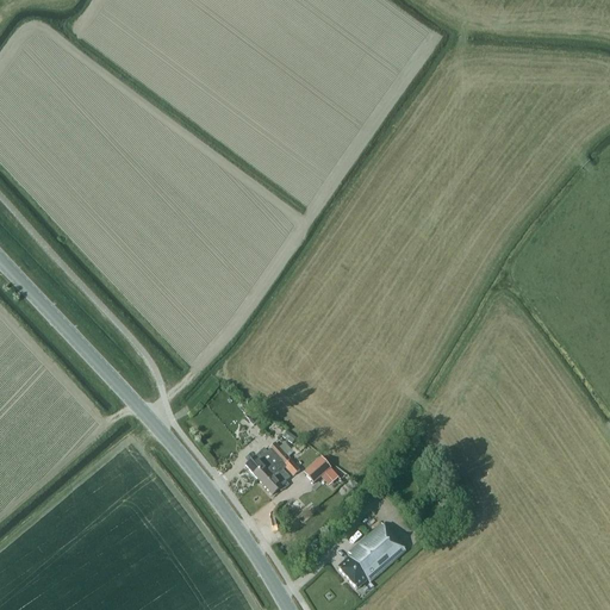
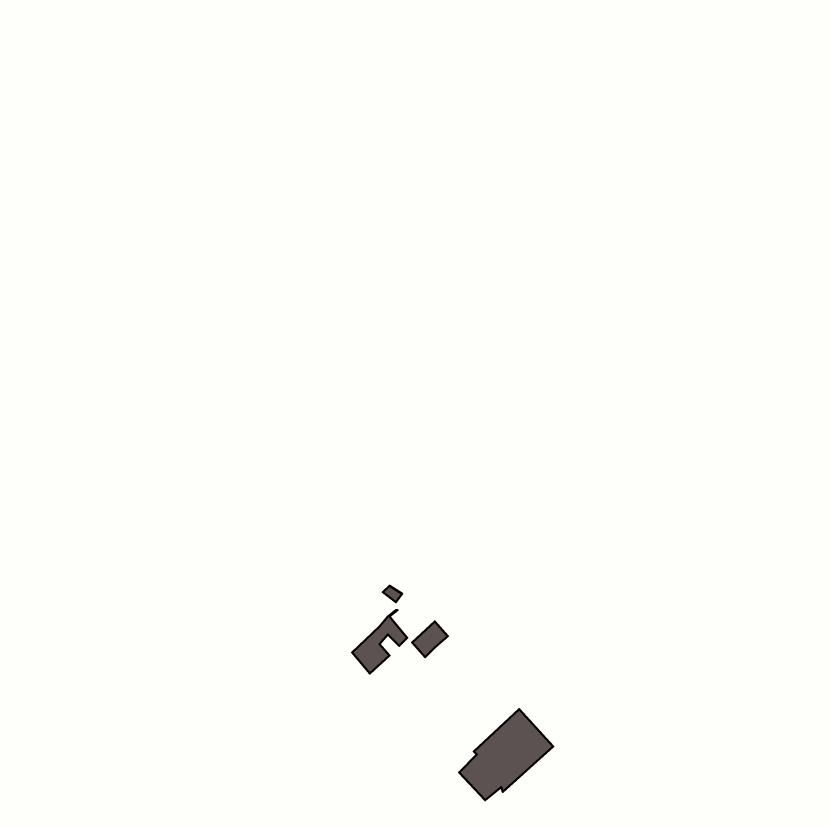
building: [244,441,291,479] -> none

